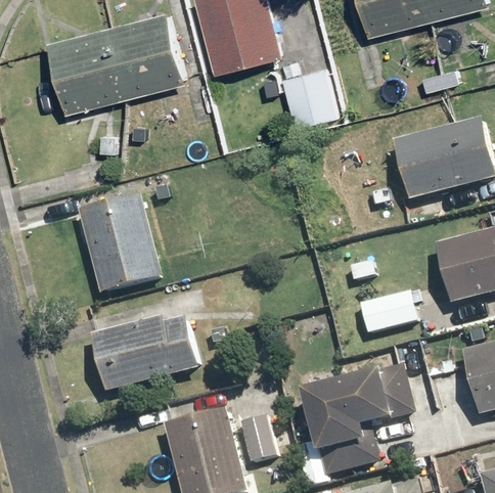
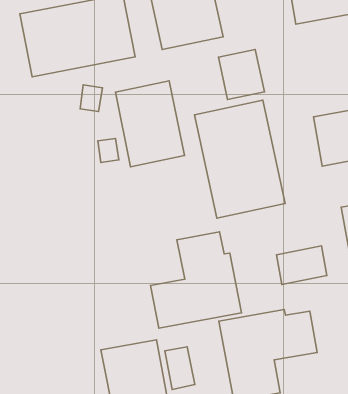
building: none -> [194,100,285,218]
building: [78,192,162,294] -> [115,81,184,167]
building: none -> [150,232,242,328]
building: [90,311,200,393] -> none

